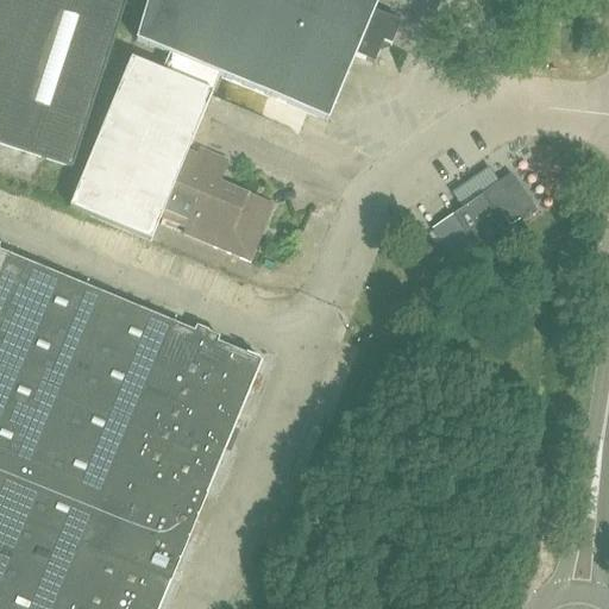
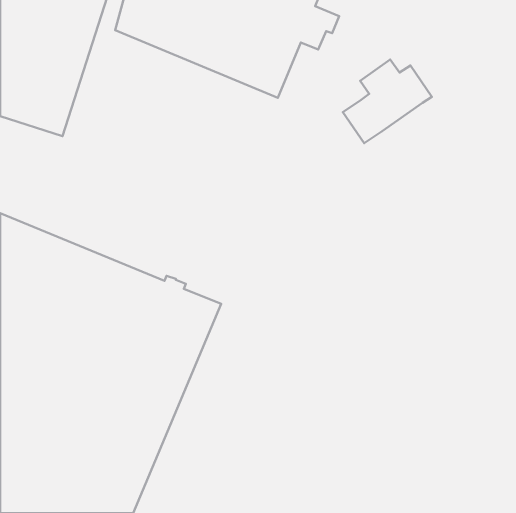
building: [69,56,272,258] -> none
building: [431,164,535,263] -> [343,60,432,143]

